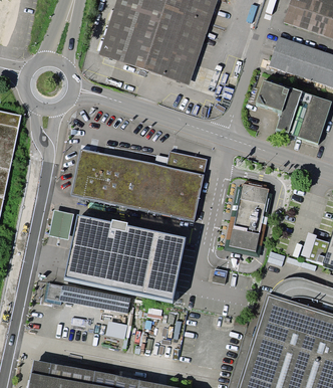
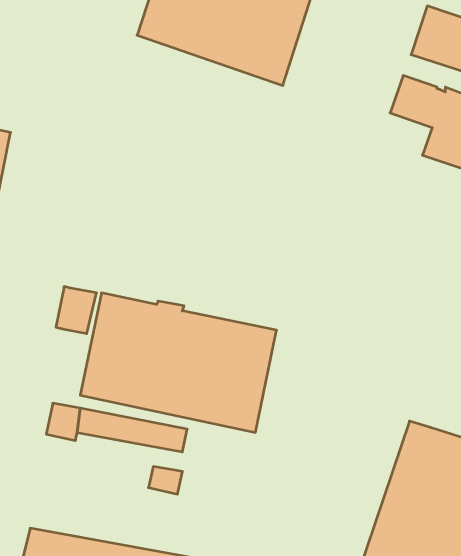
building: [70,148,208,220] -> none
building: [224,181,273,257] -> none

